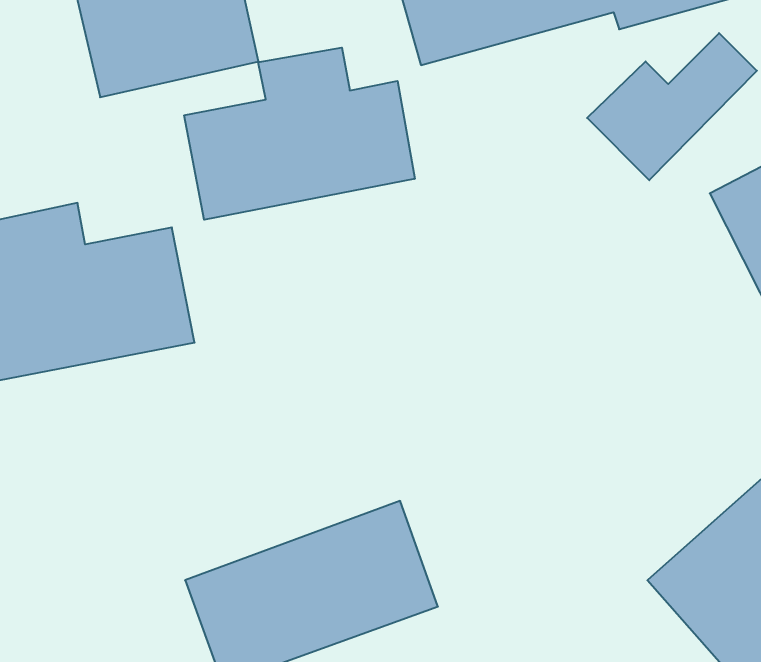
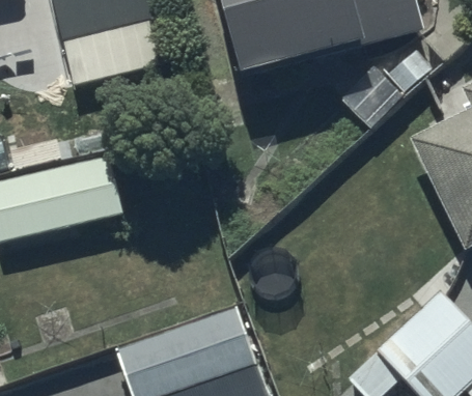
building: [184,48,415,220] -> none

